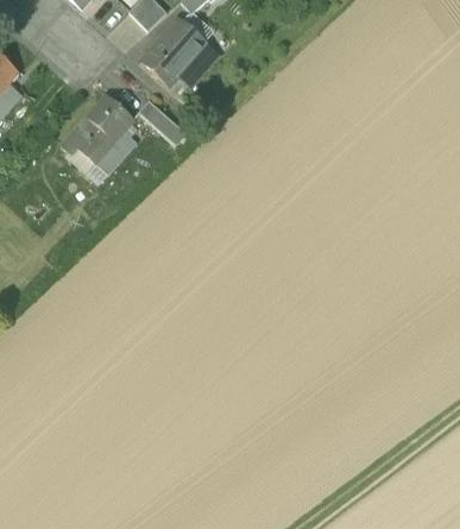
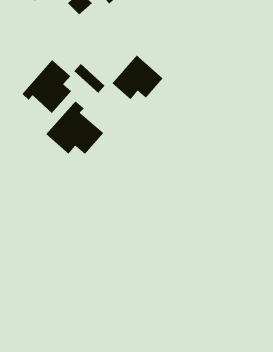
building: [141,18,219,86] -> [112,54,164,100]
building: none -> [46,101,104,155]

